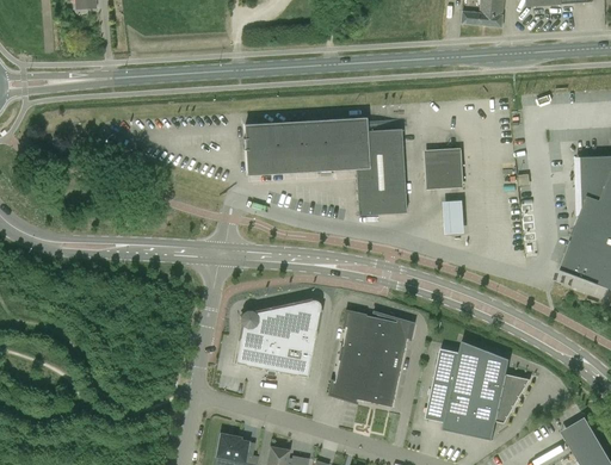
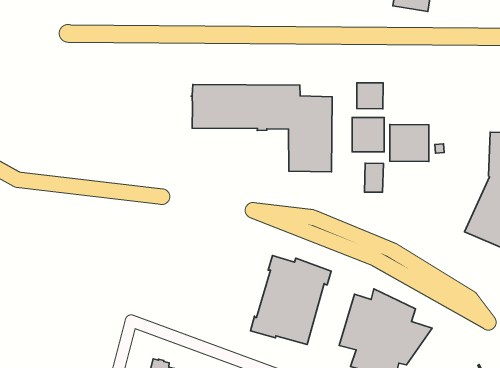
building: none -> [357,83,383,109]
building: none -> [390,125,429,162]
building: [235,299,320,377] -> none

